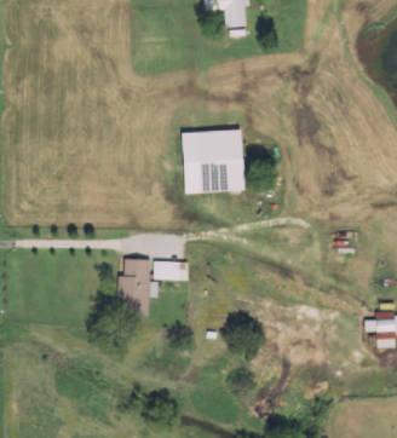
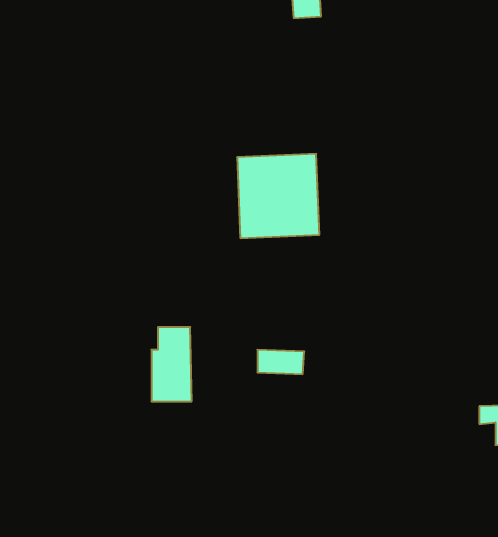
building: [153,261,188,279] -> [257,350,304,374]

